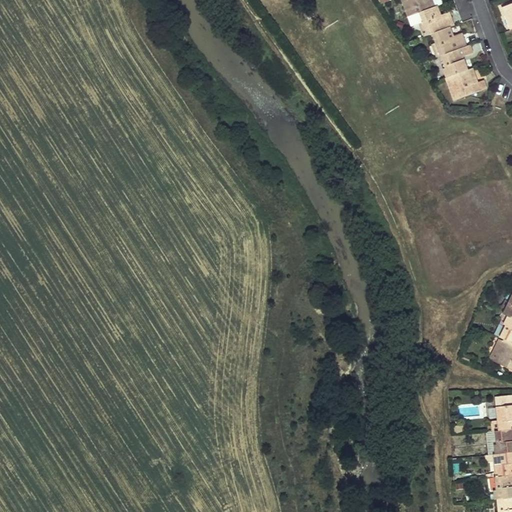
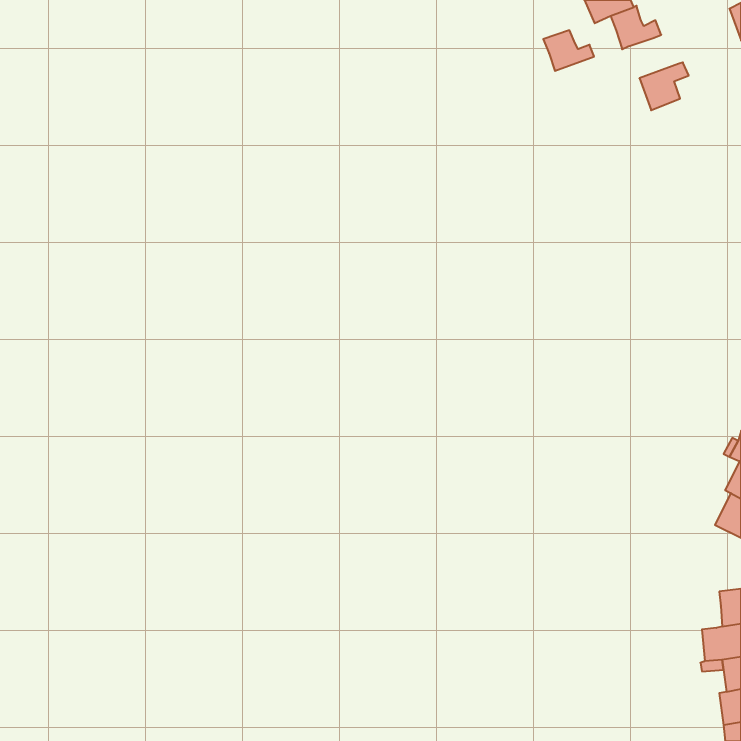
building: [433,26,468,54] -> [543,30,594,71]
building: [446,67,487,100] -> none

